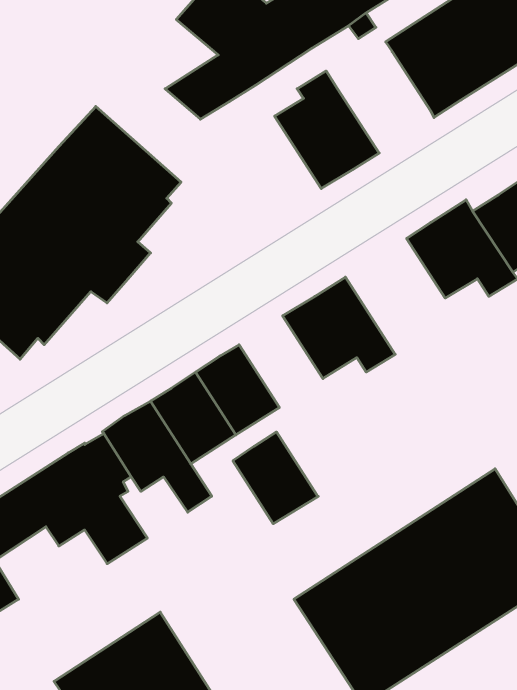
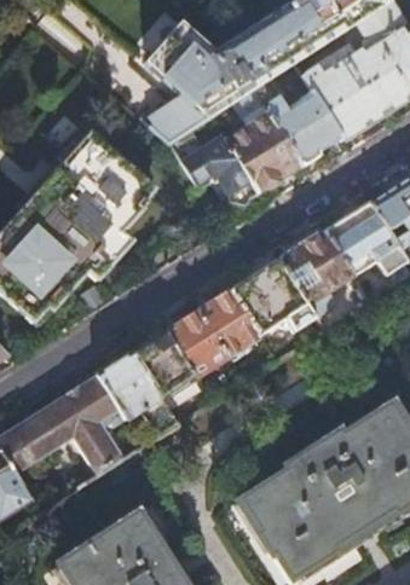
building: none -> [271,88,341,164]
building: none -> [168,126,259,199]
building: none -> [277,228,353,315]
building: [233,432,318,524] -> [197,286,261,355]

